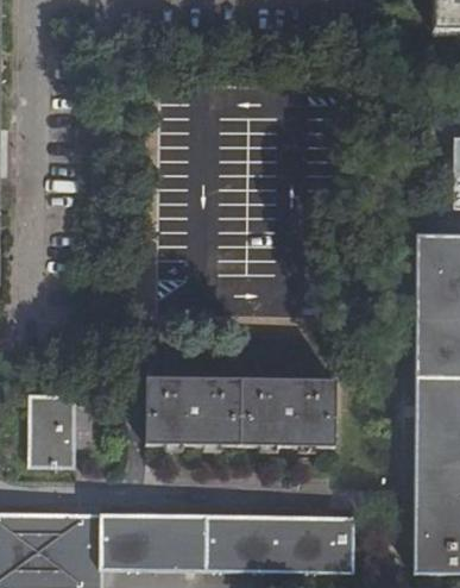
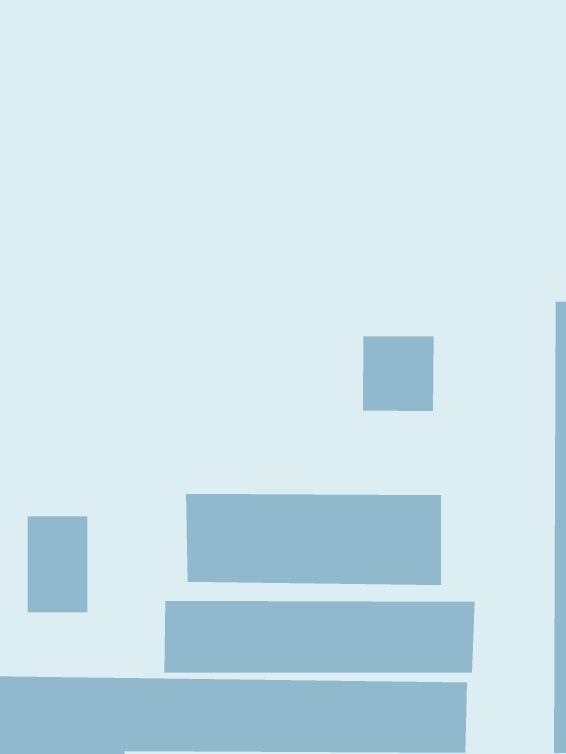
building: none -> [362,336,434,412]
building: none -> [164,600,475,673]

